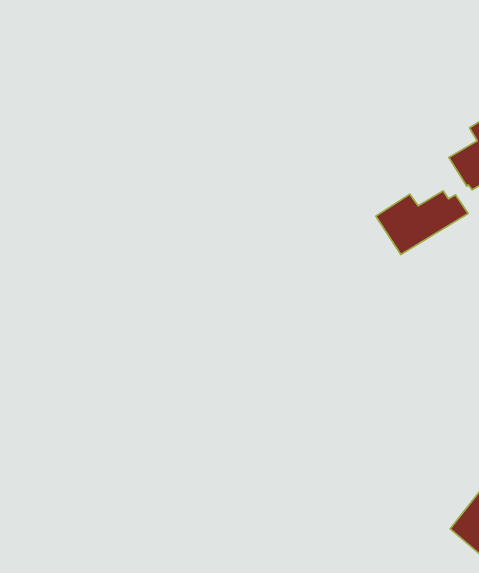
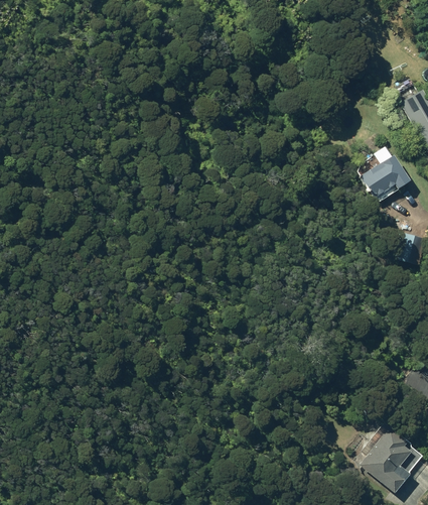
building: [376,191,468,255] -> none

